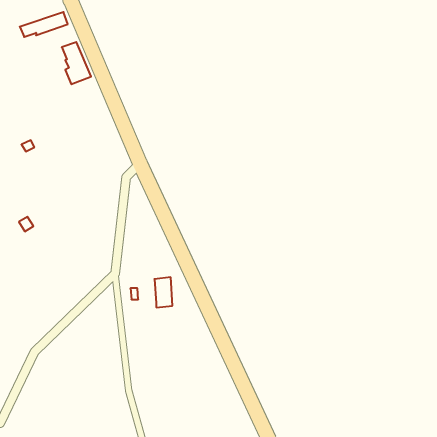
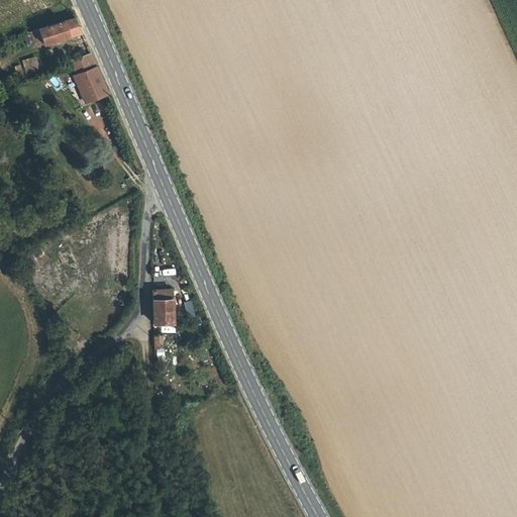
building: [154,277,172,307] -> [152,294,174,329]

